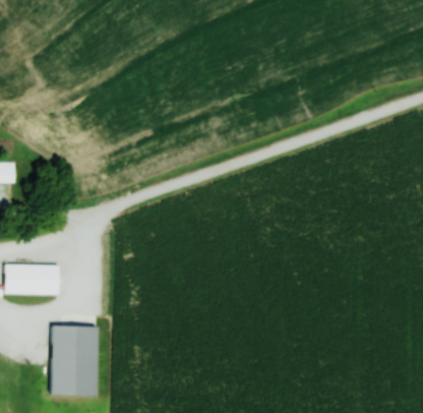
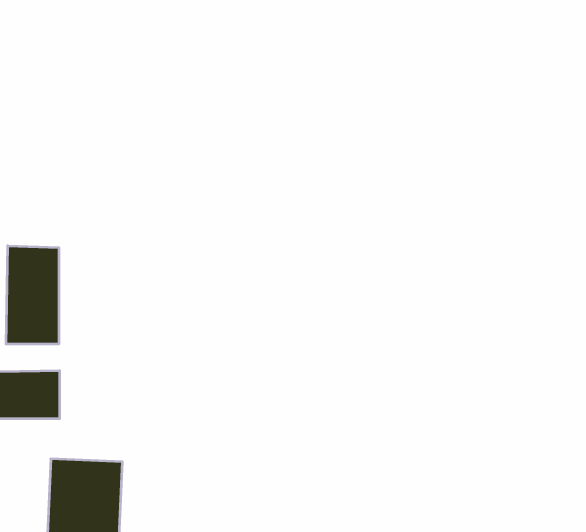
building: none -> [6,246,59,344]

